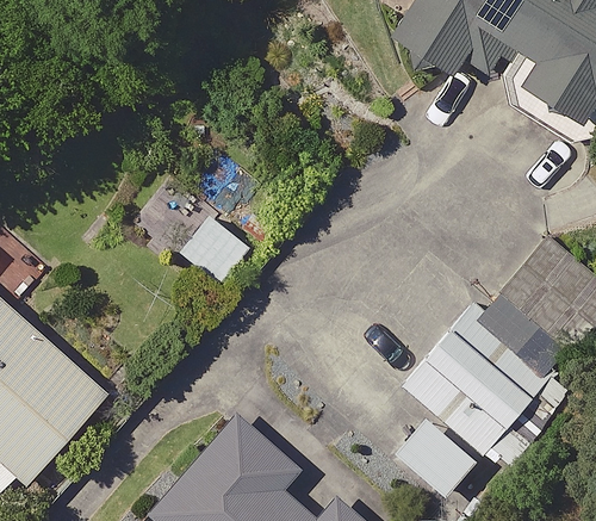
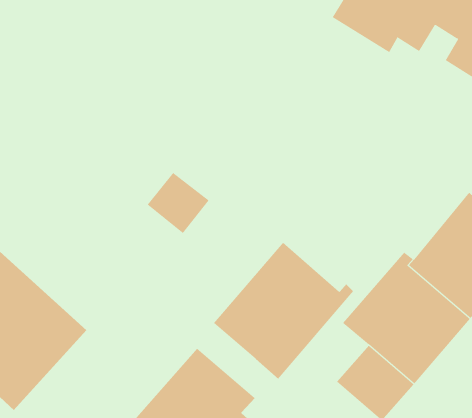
building: none -> [213,242,354,380]

